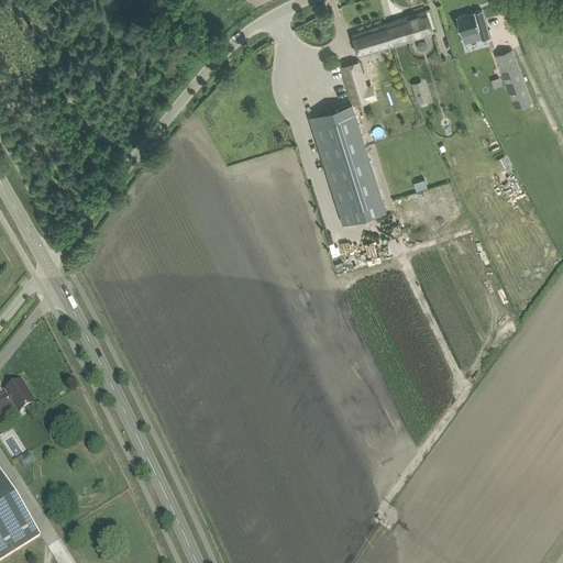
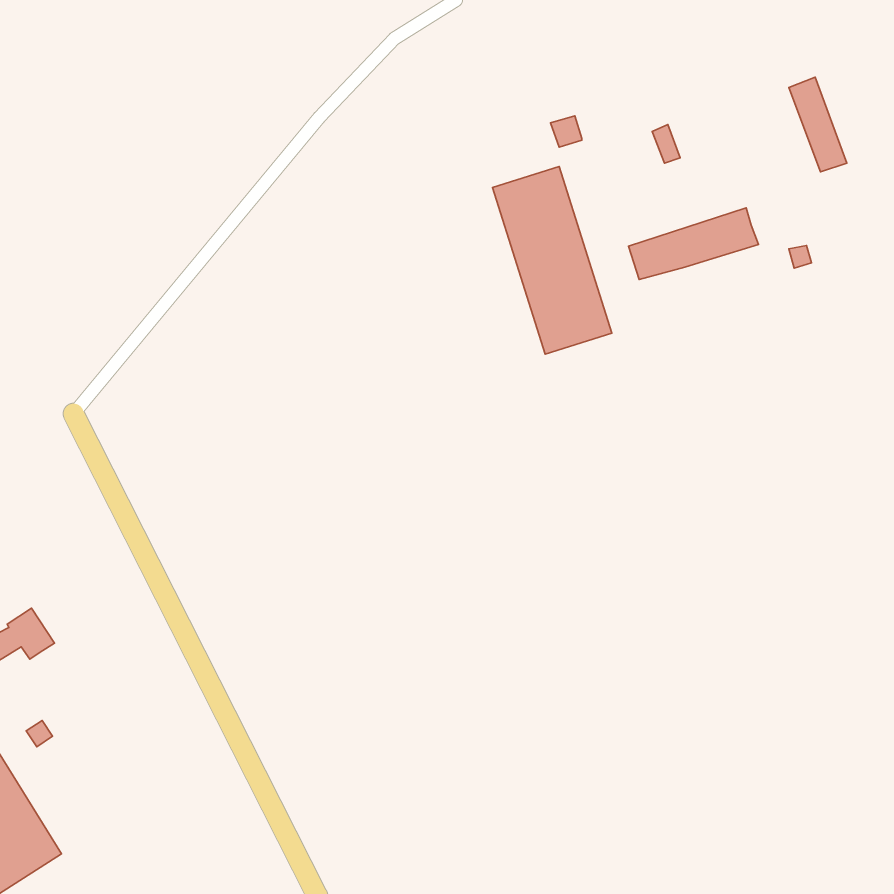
building: [455,10,488,44] -> none
building: [352,11,433,56] -> [629,208,758,280]

